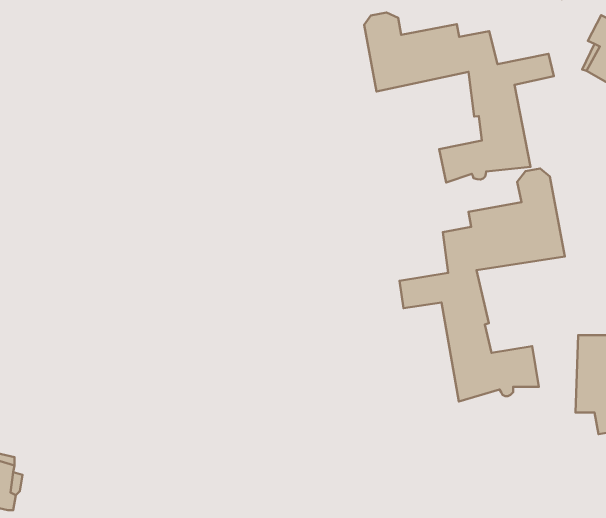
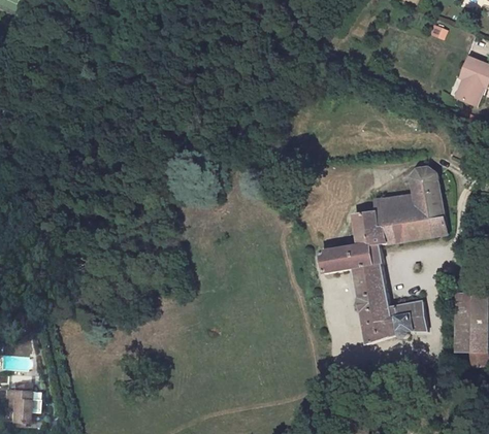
building: [364,12,554,183] -> none

